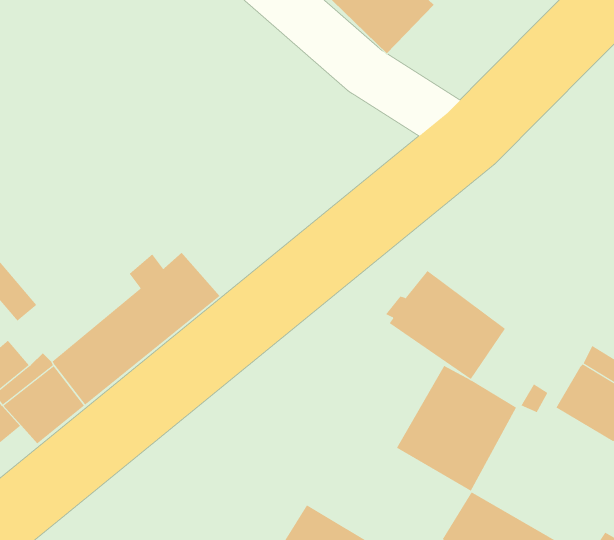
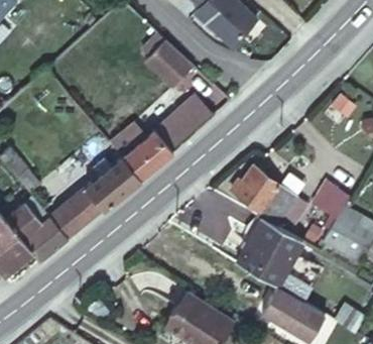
building: none -> [142,39,190,86]
building: none -> [106,98,212,180]
building: none -> [312,181,350,219]

